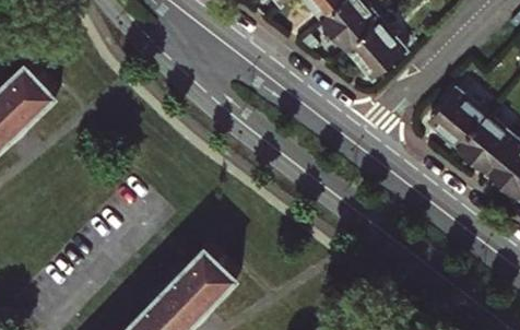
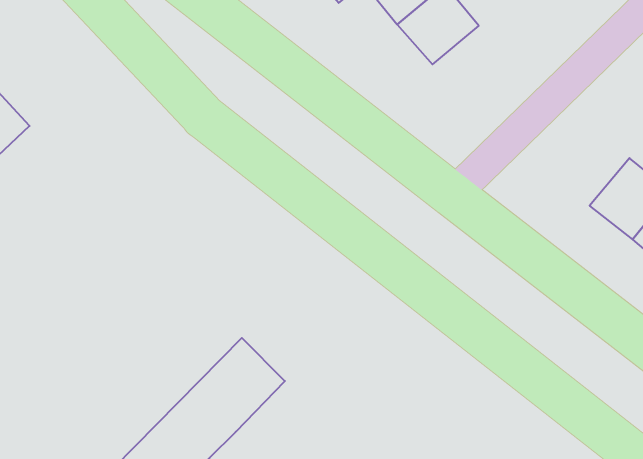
building: [347,21,405,78] -> none
building: [428,89,487,149] -> none

